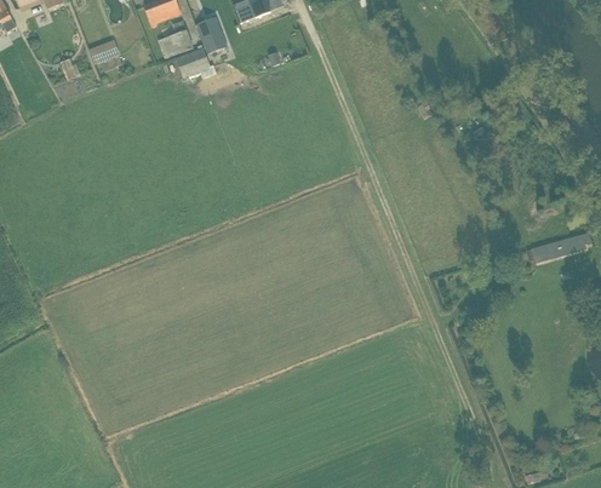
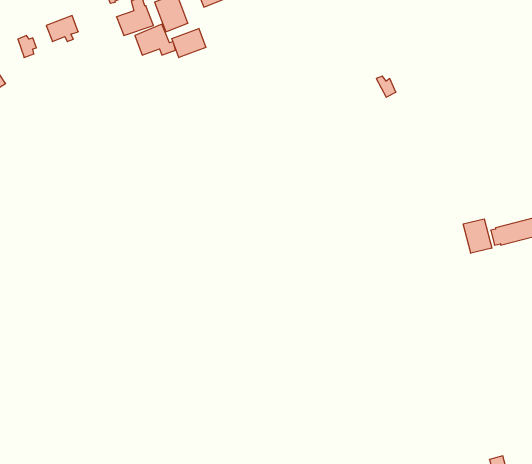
building: none -> [172,28,206,58]
building: none -> [463,219,492,253]

